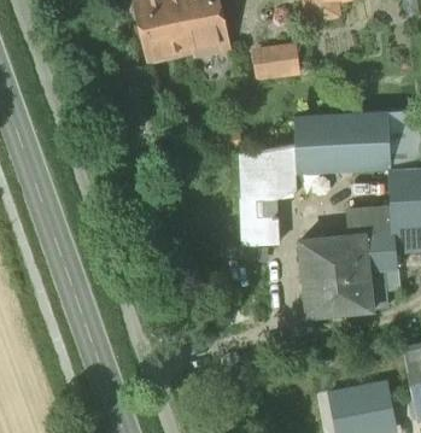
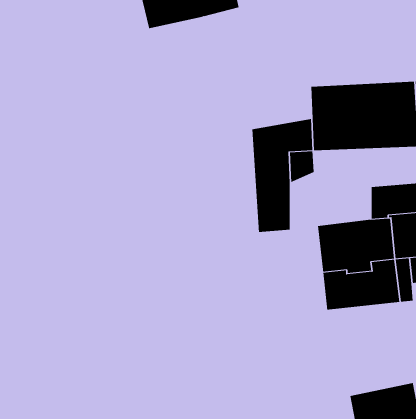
building: [252,43,293,76] -> none

